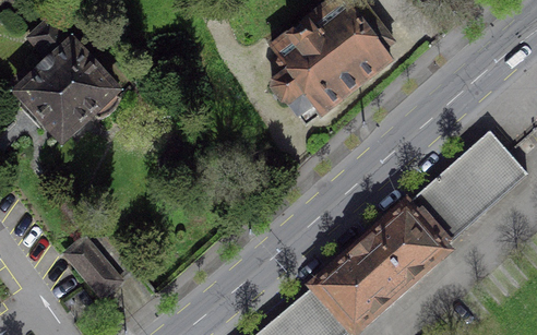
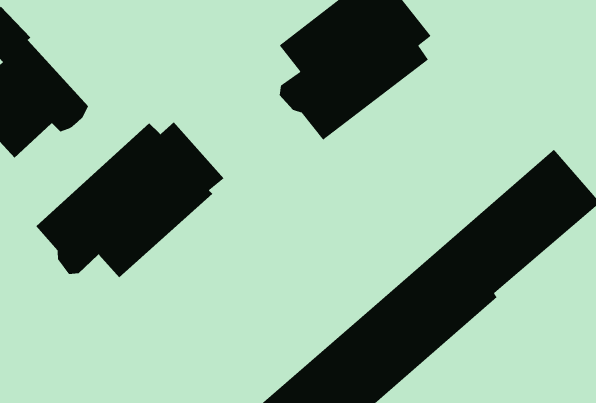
building: none -> [36,121,225,278]
building: [67,239,119,295] -> none

